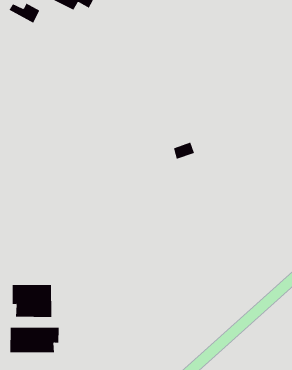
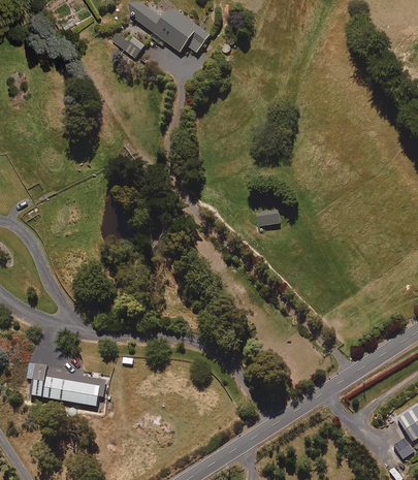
building: [12,284,52,318] -> none

